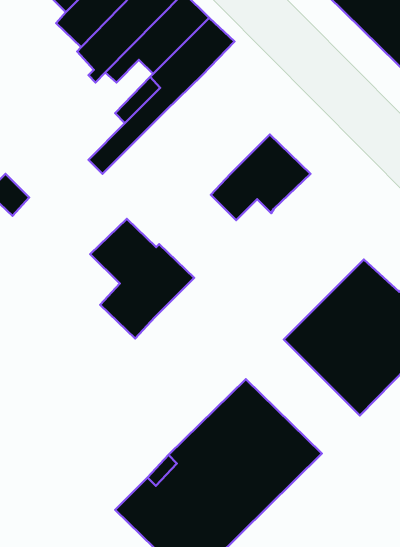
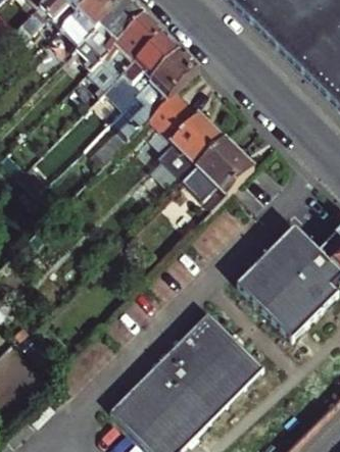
building: [90,219,194,338] -> [149,92,225,179]

